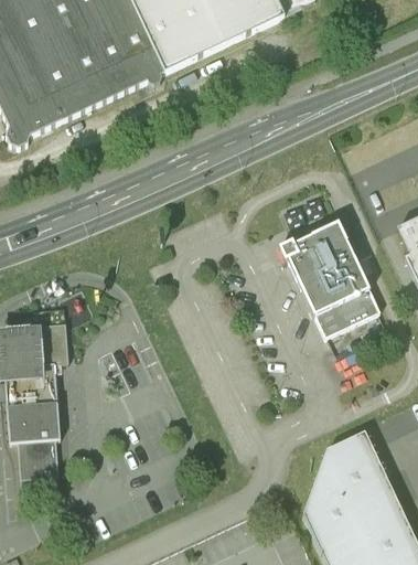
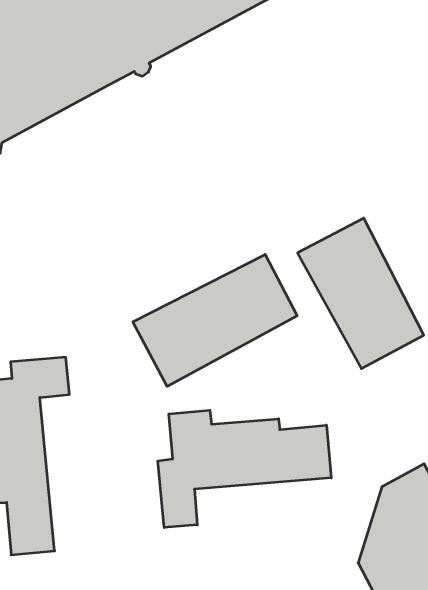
building: none -> [133,254,297,386]
building: none -> [158,410,331,528]

